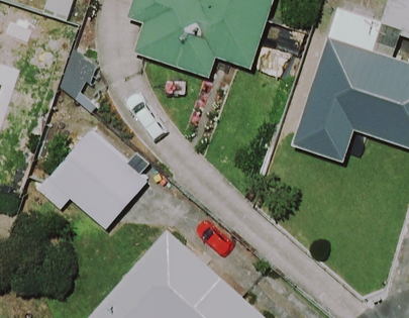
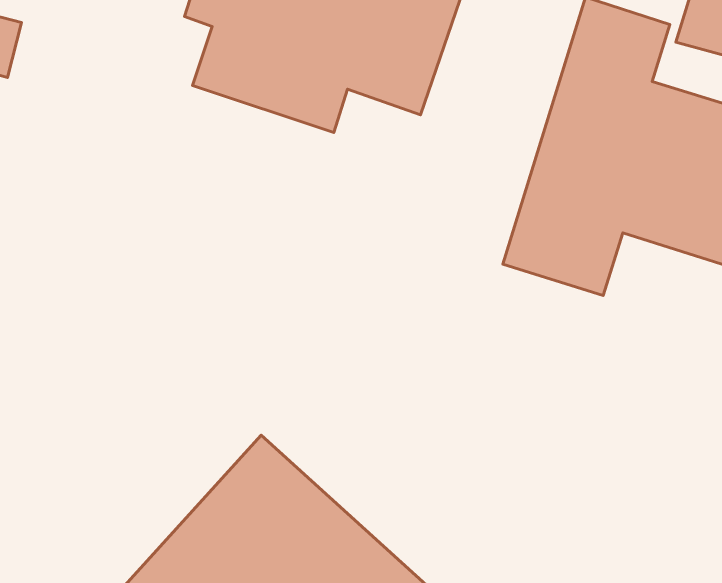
building: [46,128,149,229] -> none

